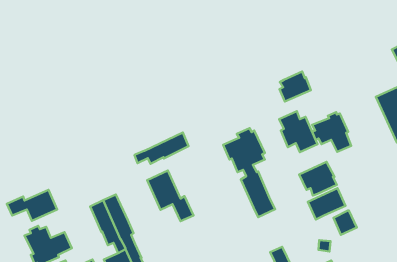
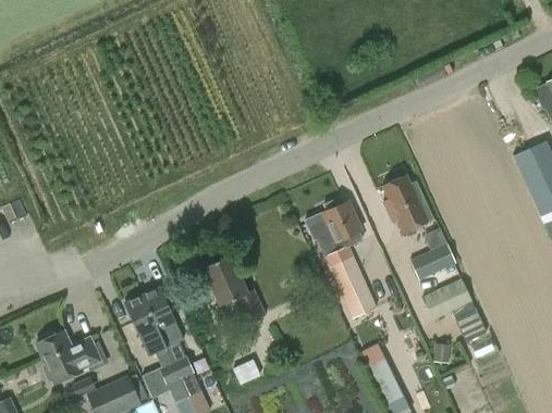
building: [279,72,311,102] -> none
building: [312,112,351,152] -> none
building: [135,133,189,164] -> none
building: [7,190,57,221] -> none

